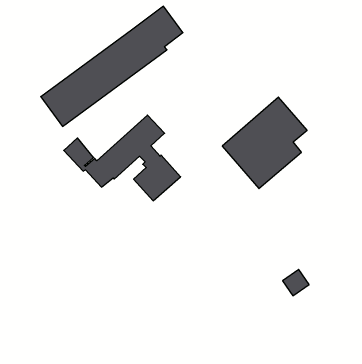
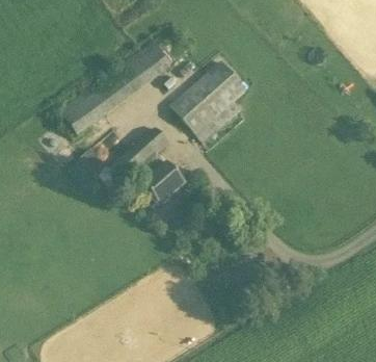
building: [222,97,307,189] -> [170,59,247,143]

